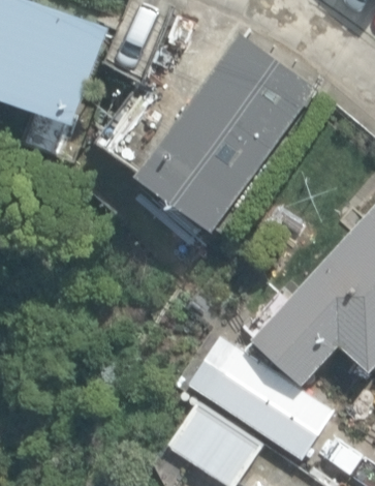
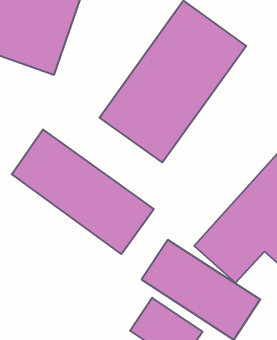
building: none -> [12,129,154,254]

